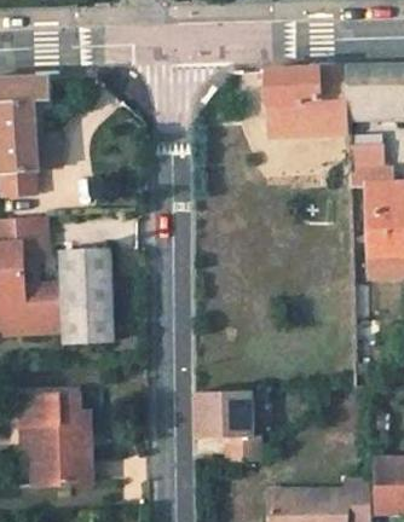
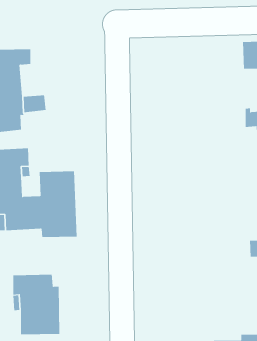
building: [265,66,348,135] -> none
building: [197,390,260,462] -> none

